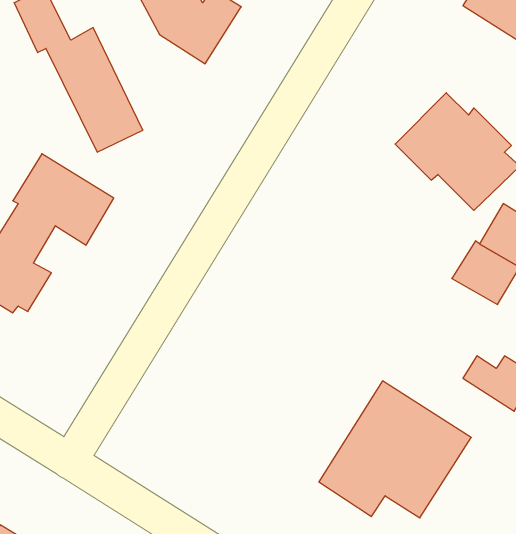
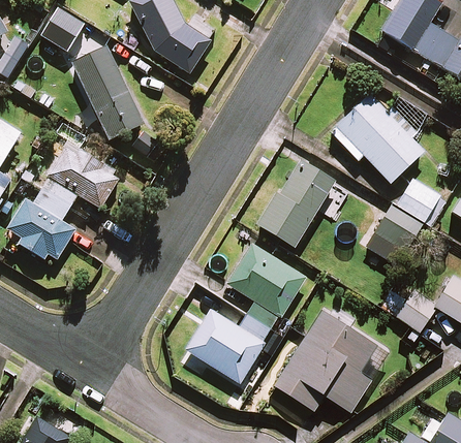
building: none -> [258,158,335,246]
building: none -> [186,243,304,383]

